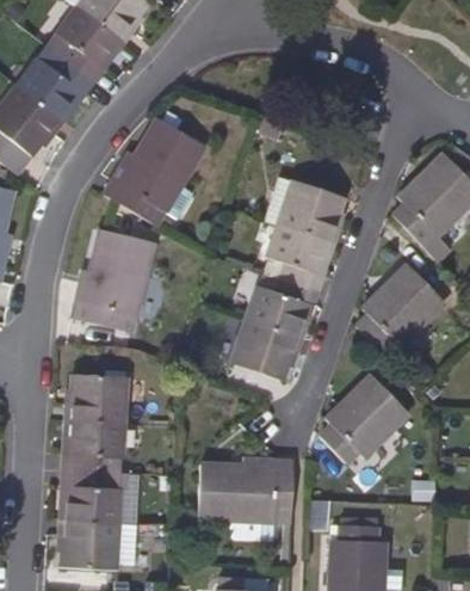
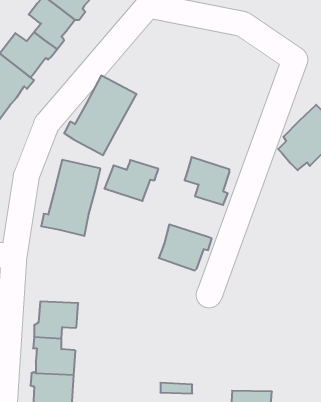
building: [276,179,342,242] -> none
building: [357,264,445,352] -> none
building: [246,277,319,332] -> [104,160,158,201]
building: [66,371,125,421] -> none
building: [317,374,408,462] -> none
building: [198,457,292,519] -> none

